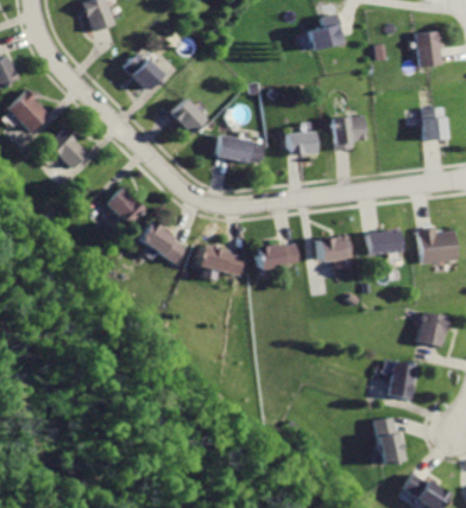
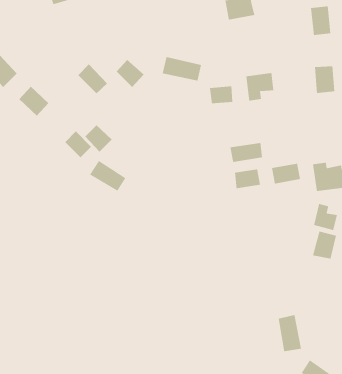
building: [125,53,163,91] -> [77,64,108,94]
building: [215,134,265,165] -> [162,56,202,81]
building: none -> [85,125,113,152]
building: [259,242,301,267] -> [230,142,263,162]
building: [197,246,245,275] -> none
building: none -> [314,203,337,231]
building: [390,362,417,398] -> none

